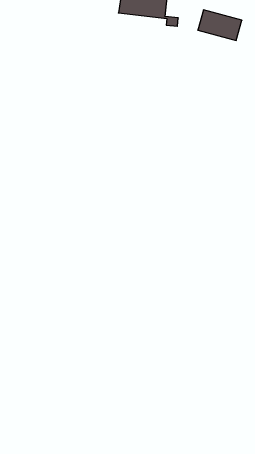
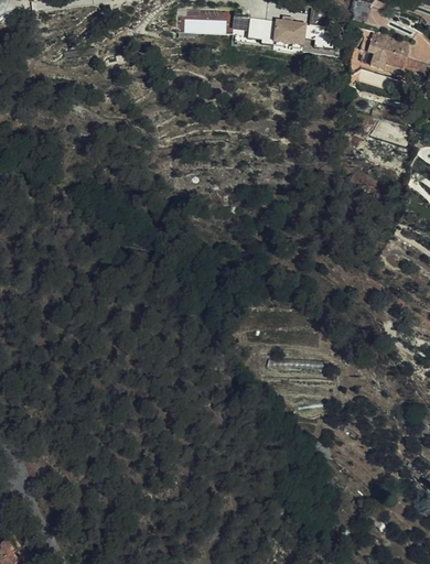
building: none -> [236,17,273,37]

